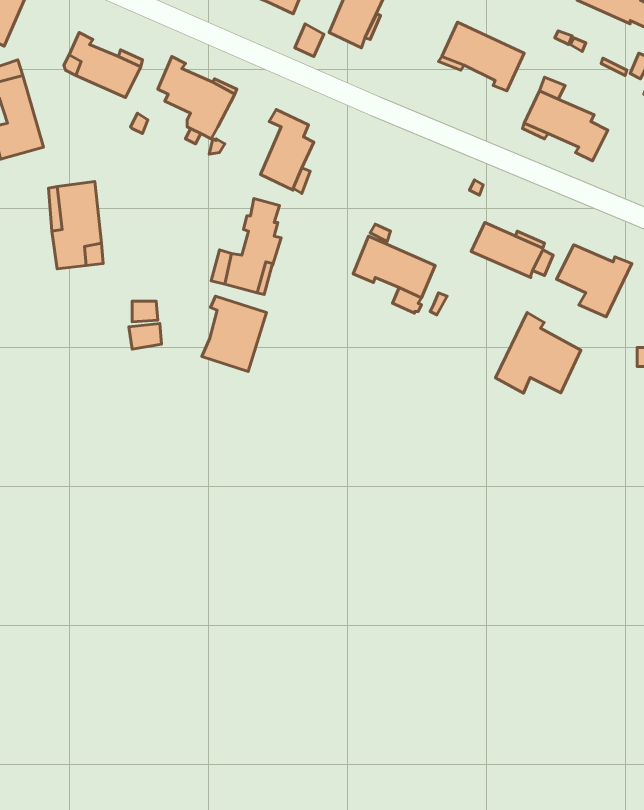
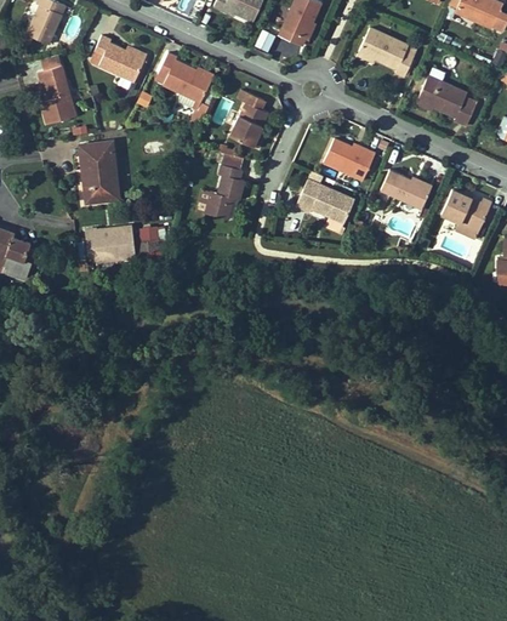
building: none -> [324,138,375,182]
building: [202,296,266,371] -> none
building: none -> [85,226,136,262]
building: [495,313,581,393] -> none

